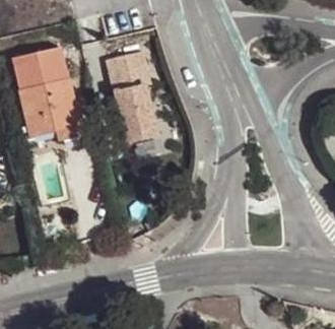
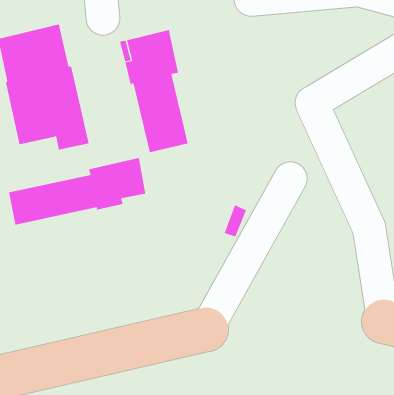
building: none -> [9,157,146,225]

